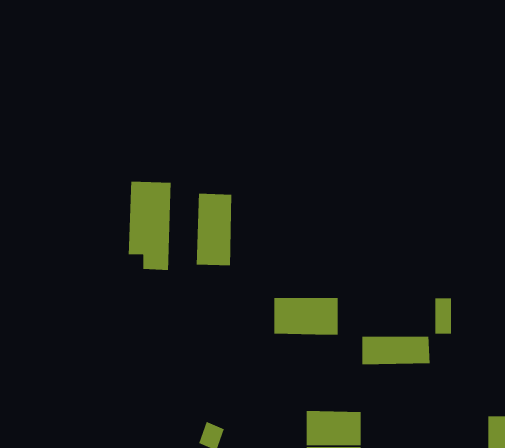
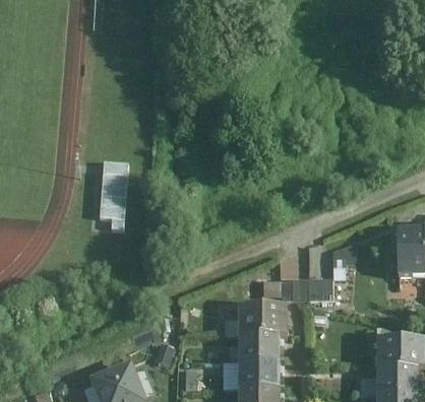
building: [196,193,232,266] -> none
building: [273,297,338,335] -> [236,305,286,334]

